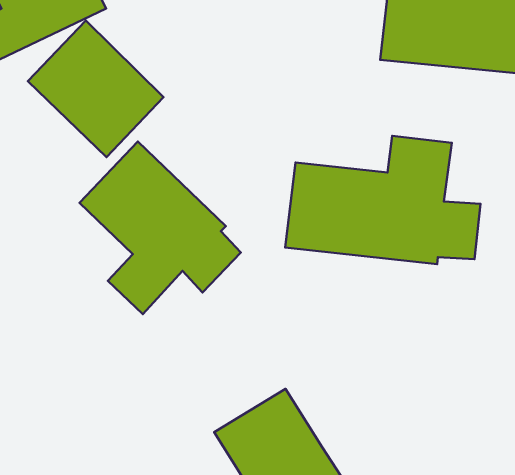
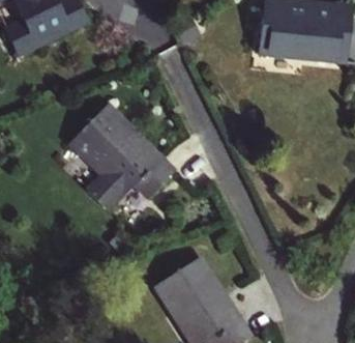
building: [28,21,163,157] -> none
building: [285,136,481,264] -> none

